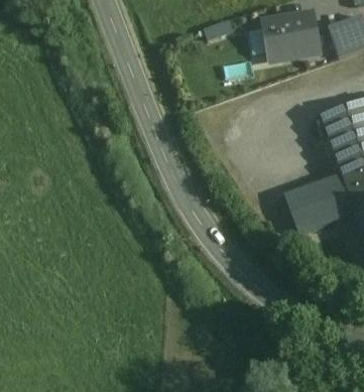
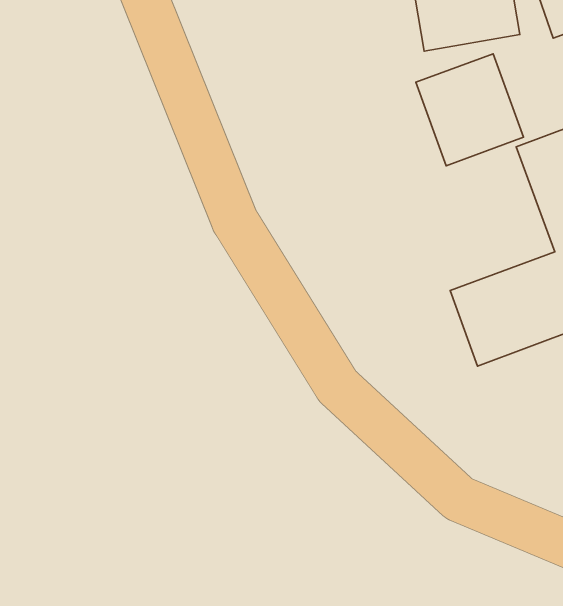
building: none -> [416,54,523,166]

